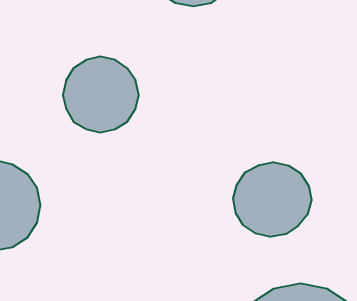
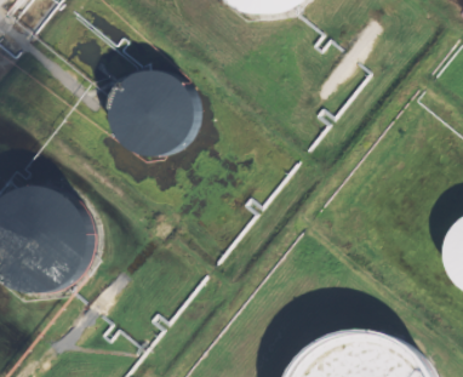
building: [233,162,311,237] -> none

